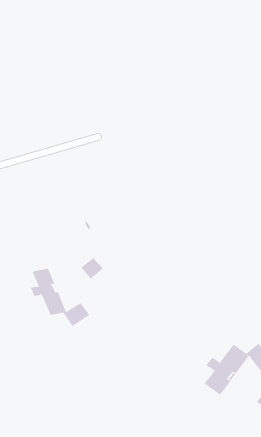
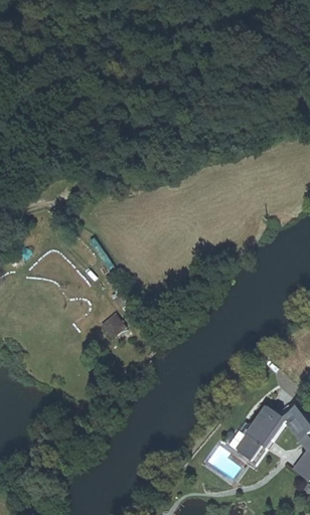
building: [30,268,90,327] -> none

